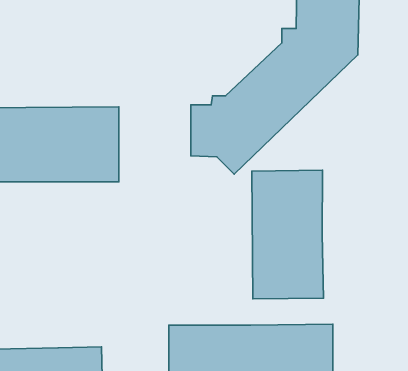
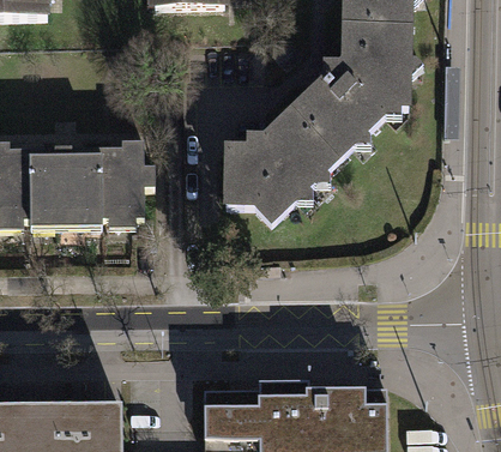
building: [252,170,323,299] -> none

